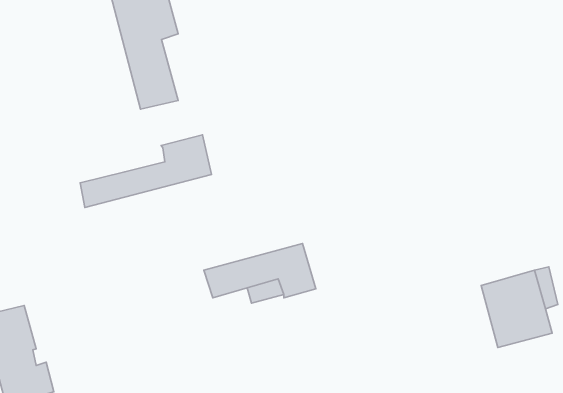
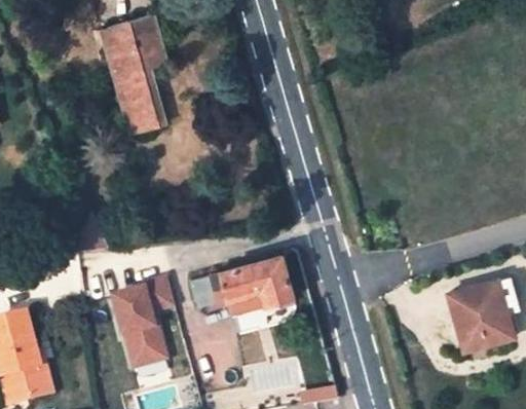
building: [80,135,212,207] -> none
building: none -> [108,276,174,368]

